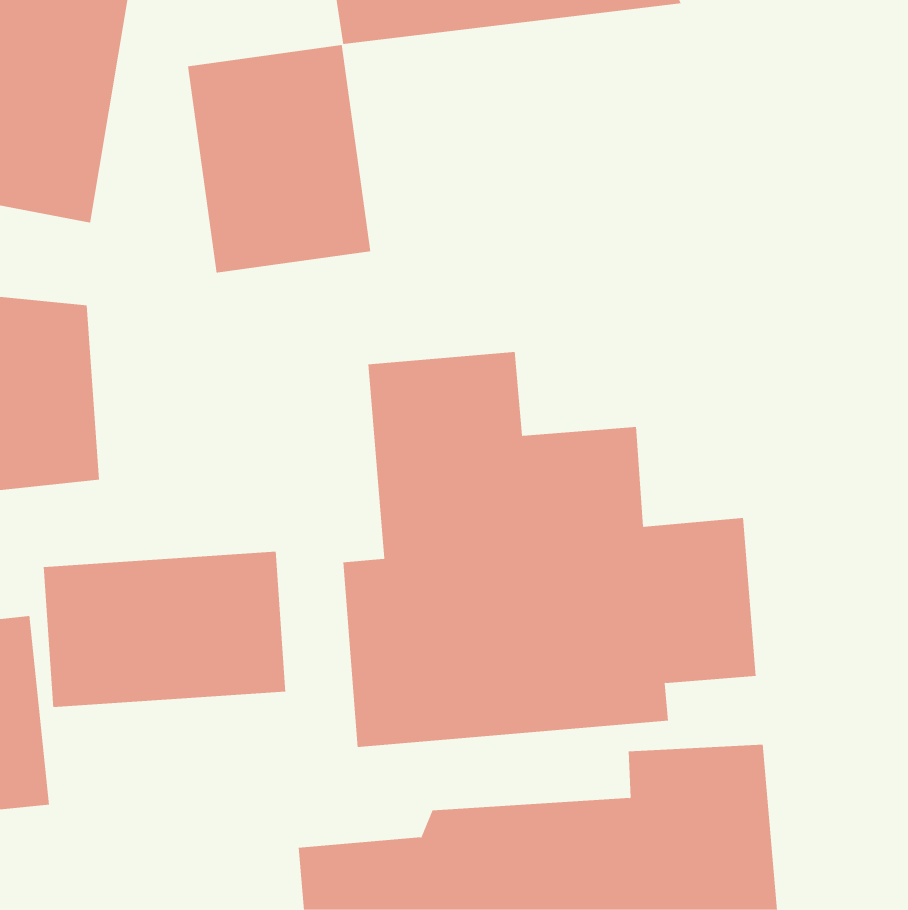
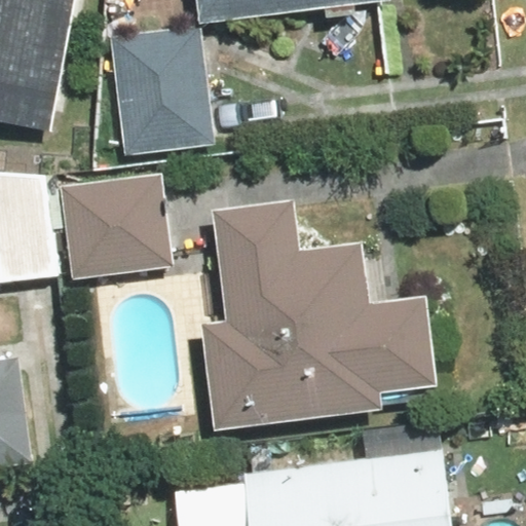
building: none -> [62,178,174,280]
building: [43,551,286,708] -> none

